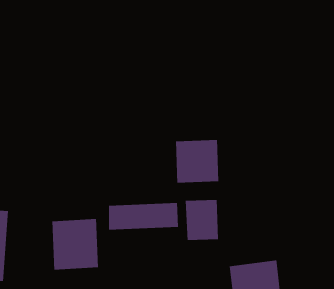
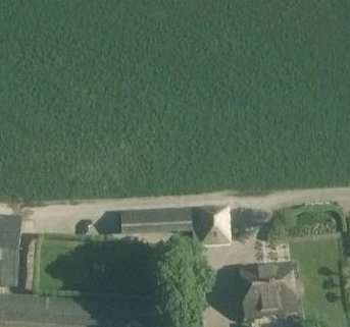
building: [175,139,219,184] -> none
building: [52,218,99,270] -> none

